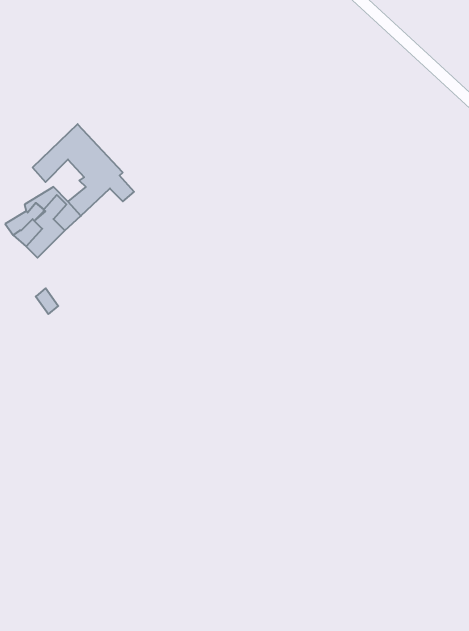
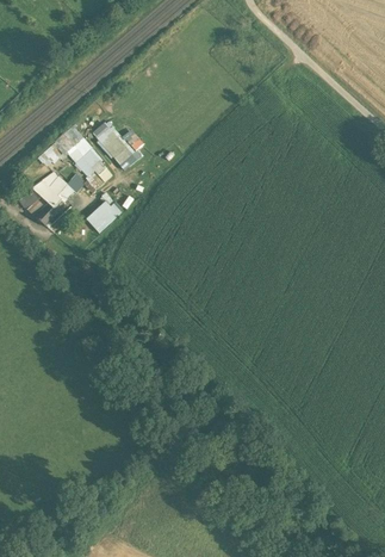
building: none -> [98,124,144,166]
building: none -> [85,200,120,233]

